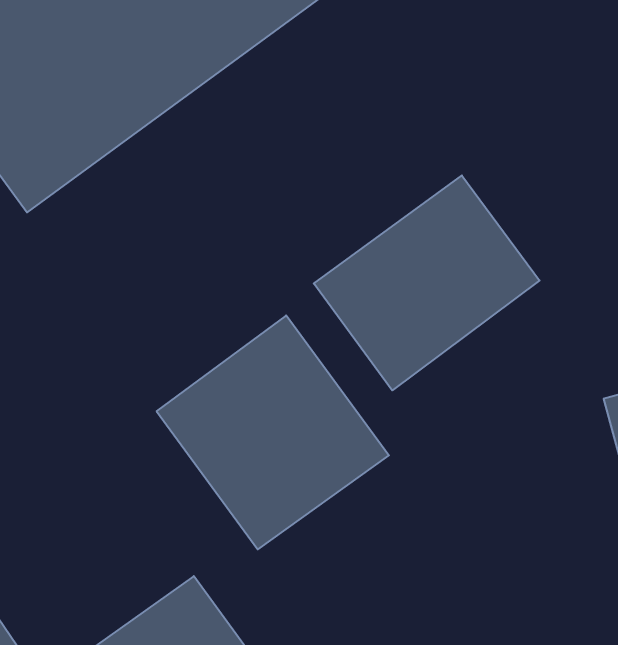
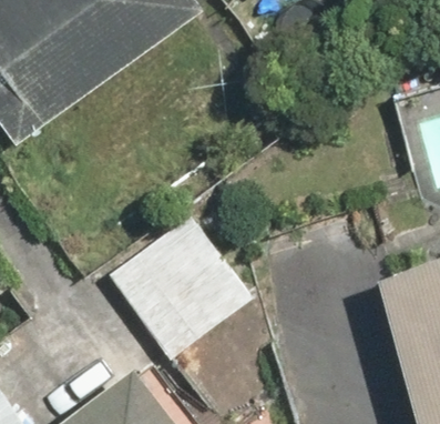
building: [314,175,540,390] -> none

